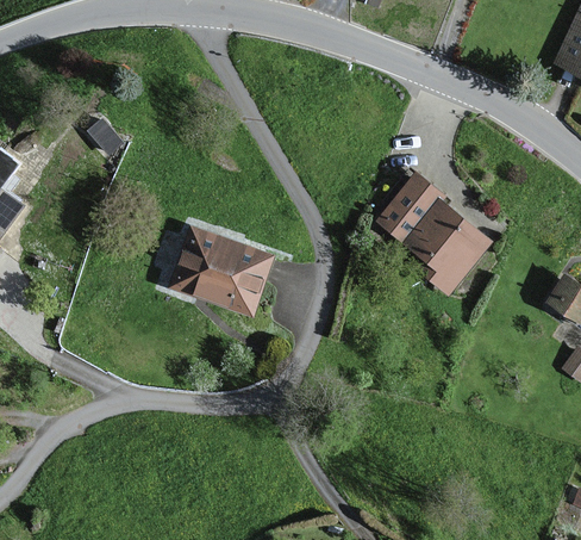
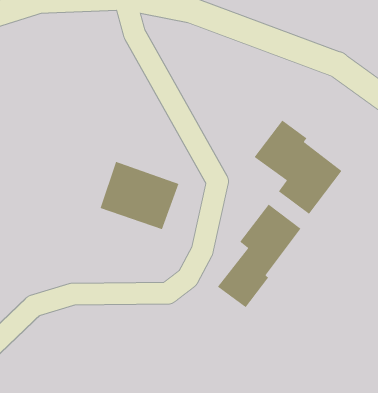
building: none -> [217,203,302,308]

